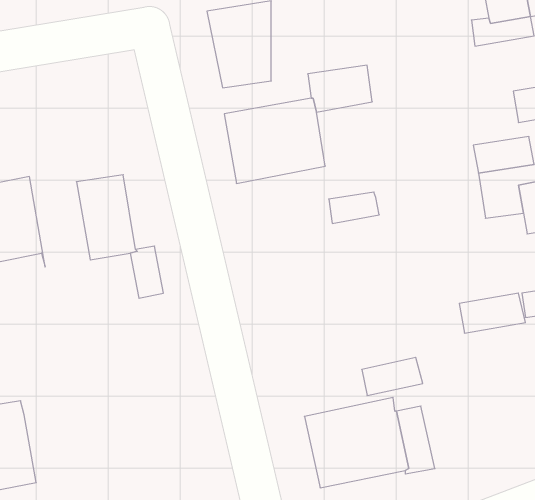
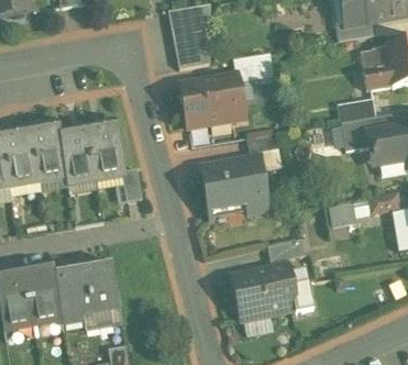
building: none -> [57,123,96,180]
building: none -> [201,156,267,218]
building: none -> [54,263,119,323]

